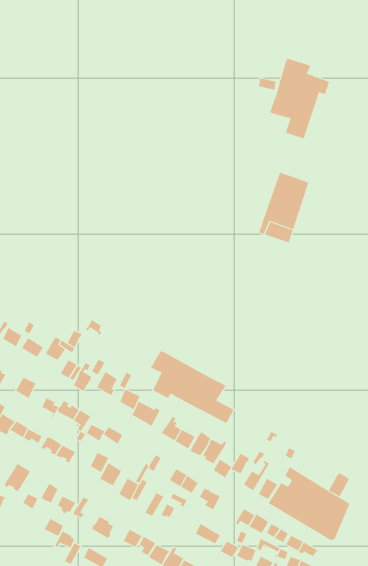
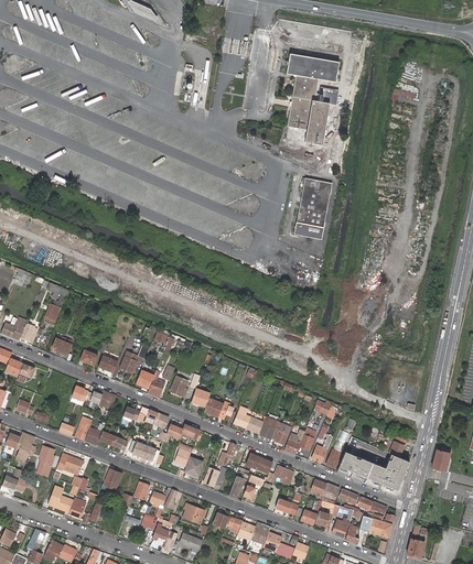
building: none -> [286,53,340,83]
building: [150,350,234,424] -> none

